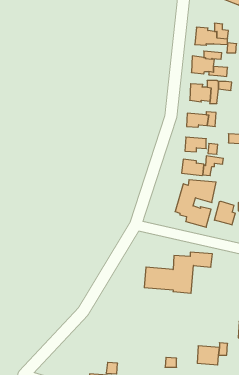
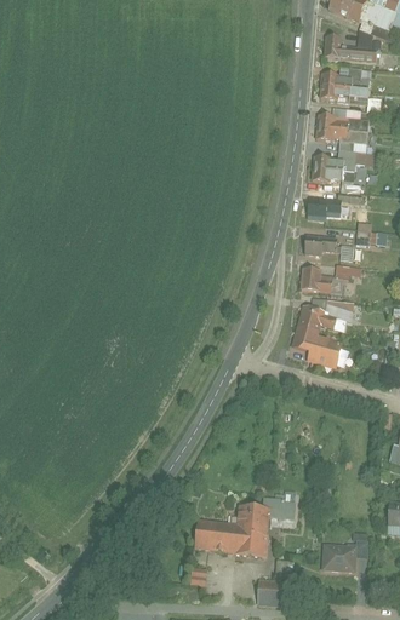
building: none -> [327,35,379,59]
building: [214,201,235,225] -> none
building: [144,252,212,293] -> [198,494,298,555]

